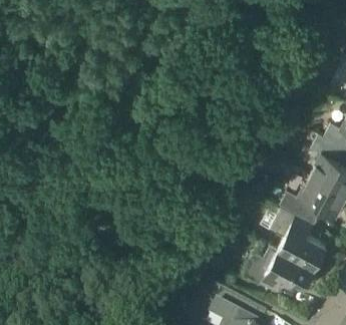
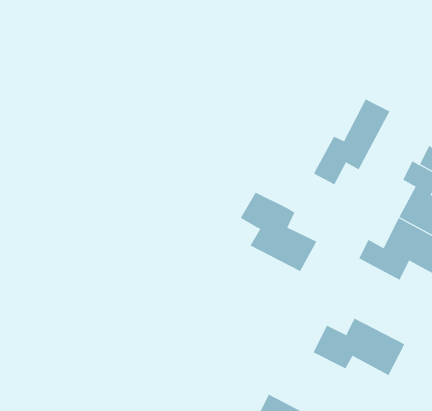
building: none -> [313,98,390,185]
building: [269,211,325,269] -> [240,192,317,272]

